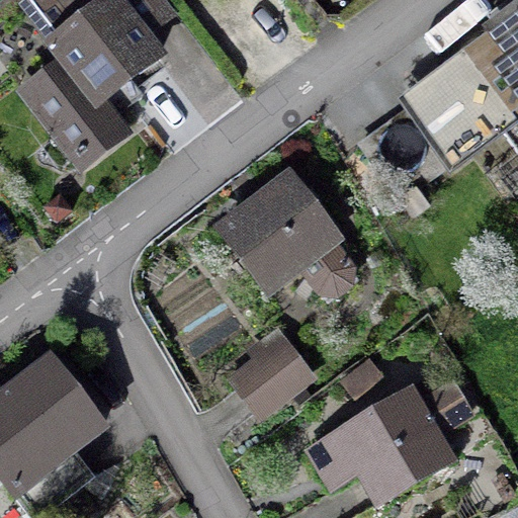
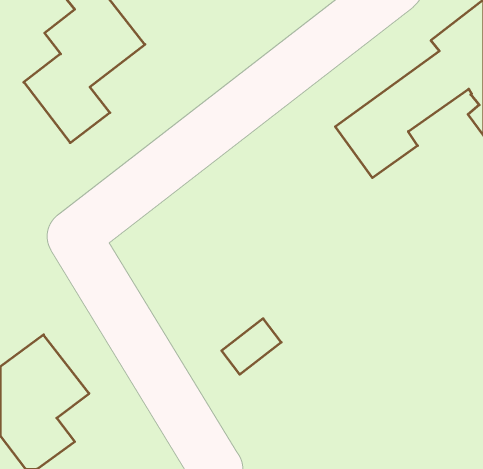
building: [225,174,351,286] -> none
building: [340,384,449,495] -> none

